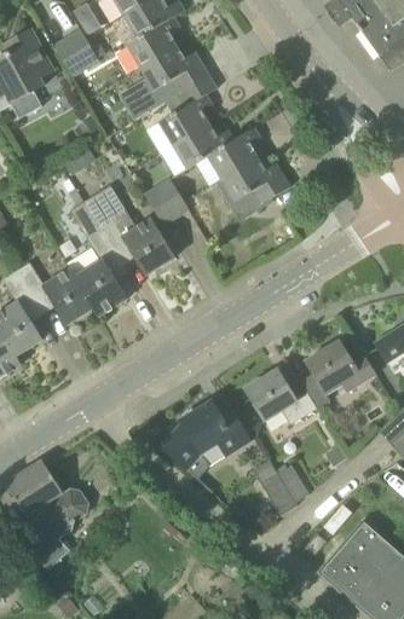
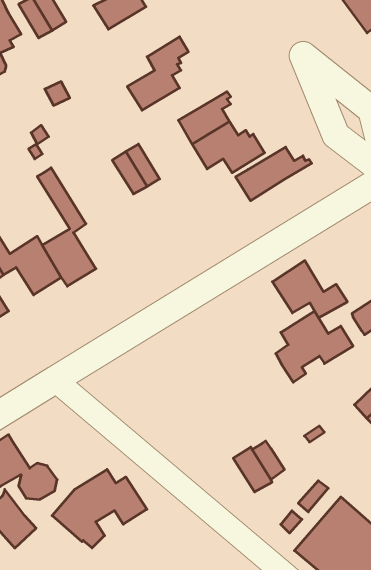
building: [138,45,208,110] -> none
building: [160,123,233,175] -> [236,147,312,201]
building: [83,184,174,274] -> none
building: [246,369,318,424] -> [272,261,347,318]
building: [158,401,250,478] -> [52,469,147,548]

